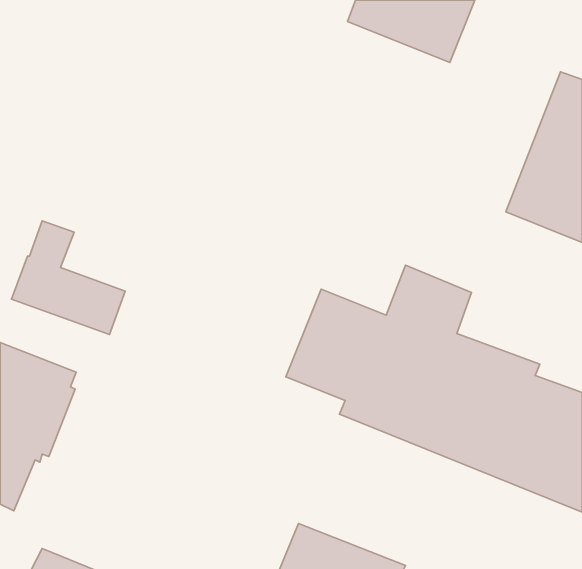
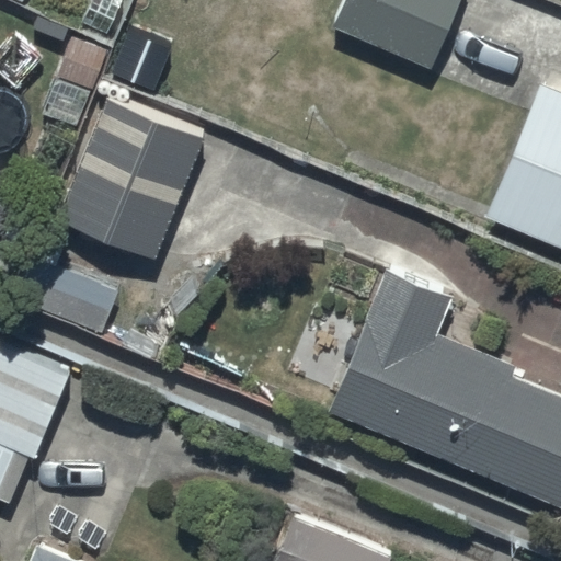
building: none -> [62,100,205,259]

